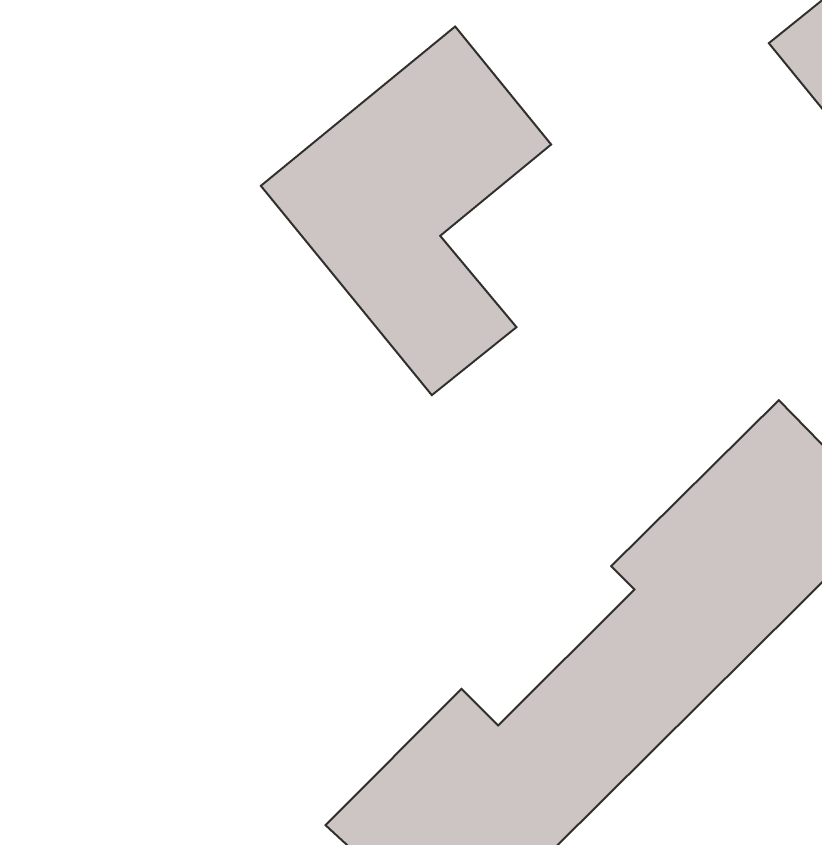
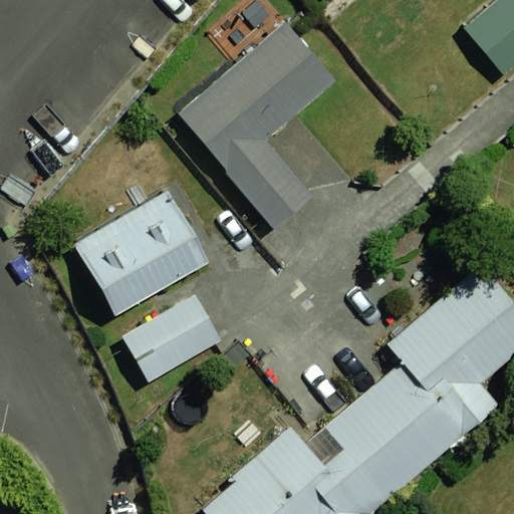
building: none -> [65,191,211,326]
building: none -> [119,297,217,380]

